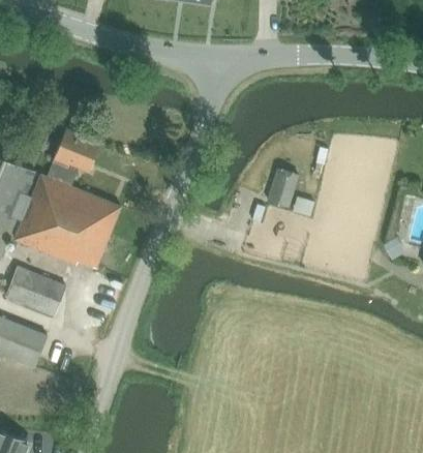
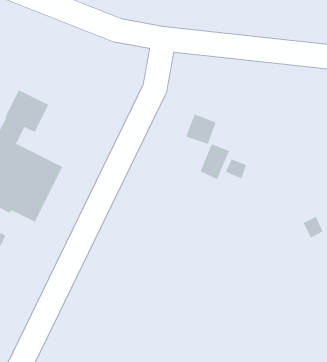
building: none -> [186,114,216,145]

